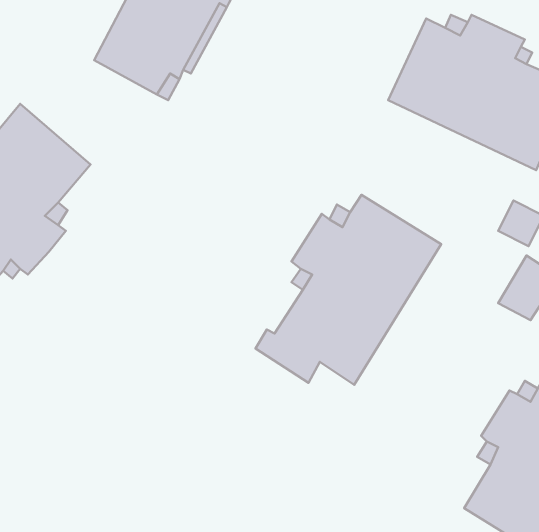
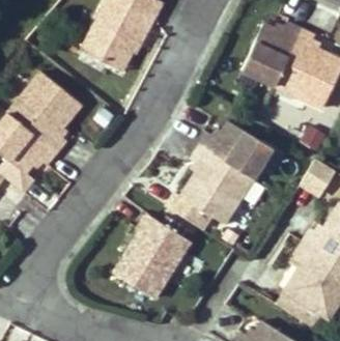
building: none -> [116,217,189,295]

